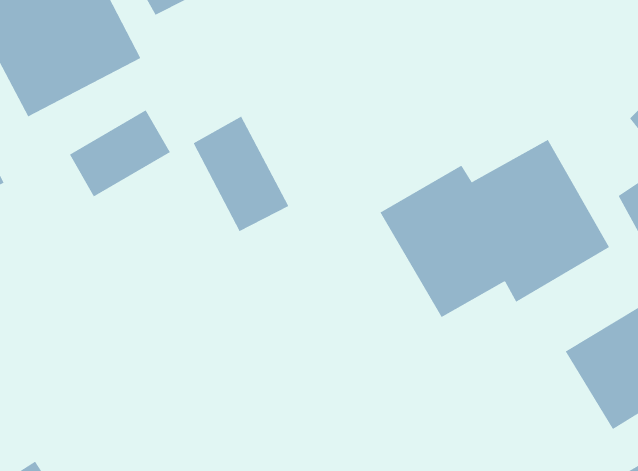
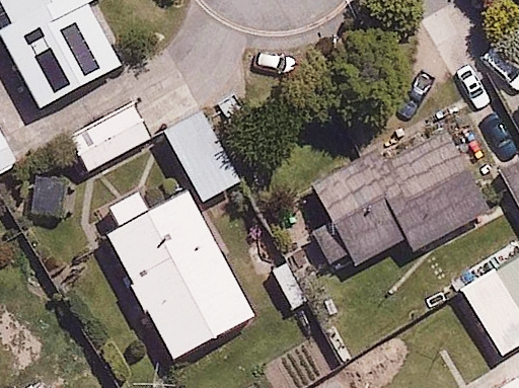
building: none -> [106,191,254,359]

